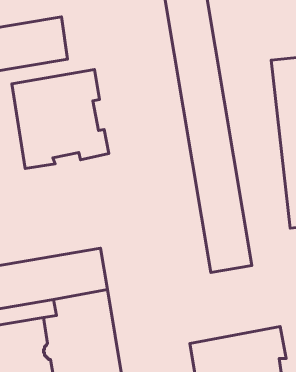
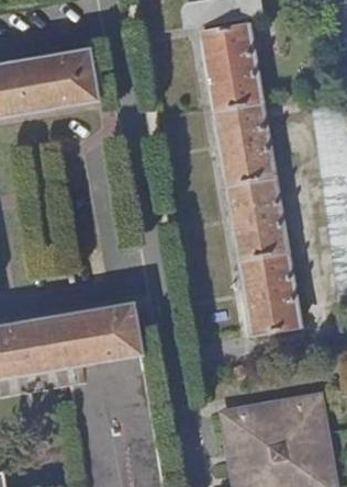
building: [12,69,109,169] -> none

